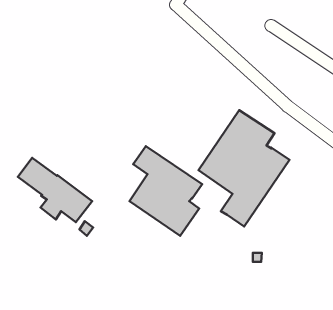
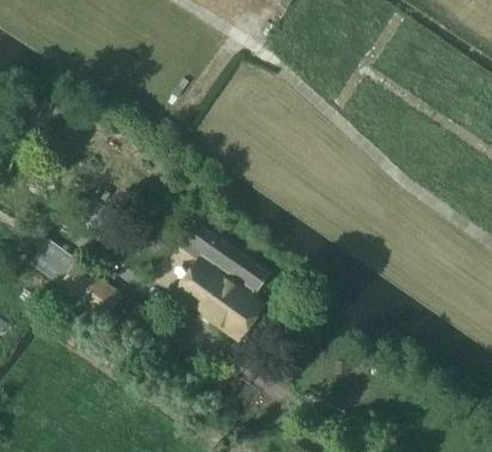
building: [198,110,290,227] -> none

